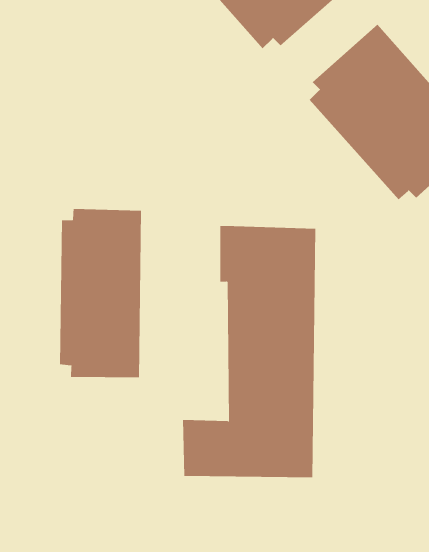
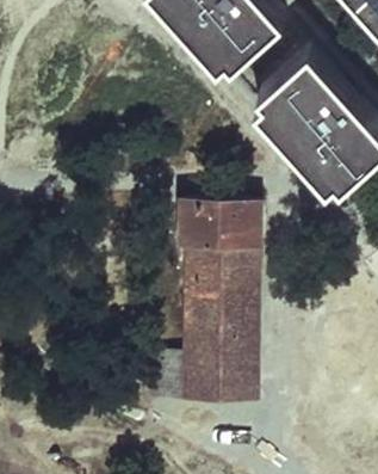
building: [59,208,141,378] -> none

